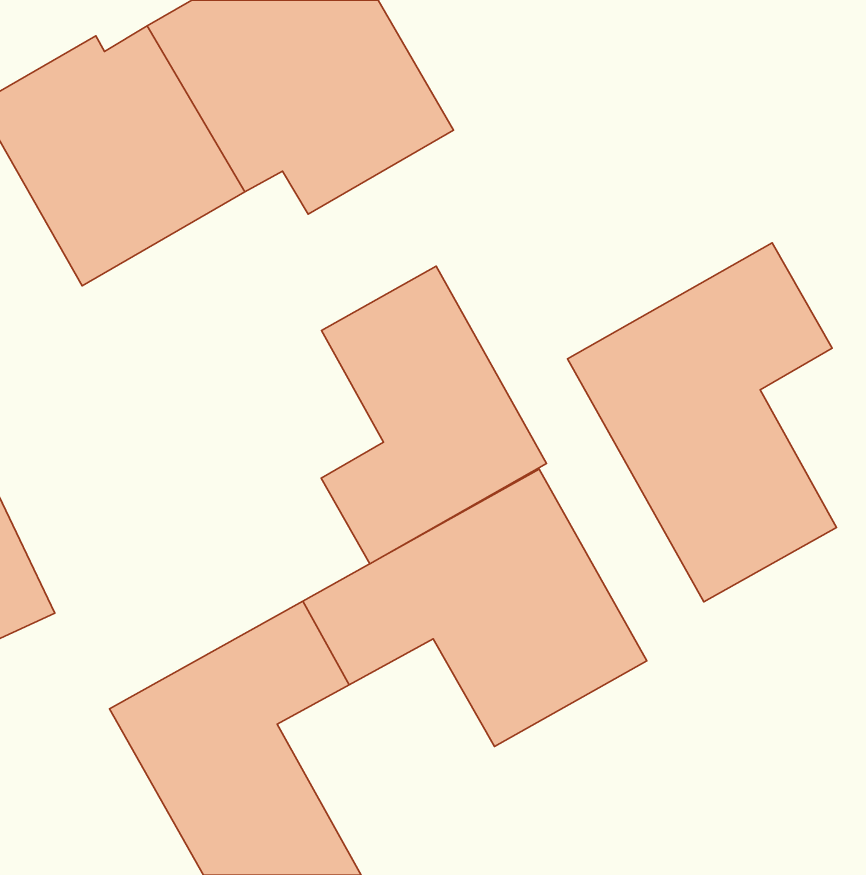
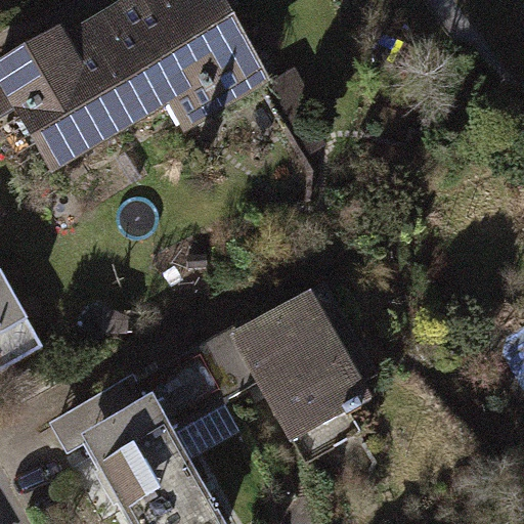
building: [567,243,836,602] -> none
building: [321,266,547,564] -> none

